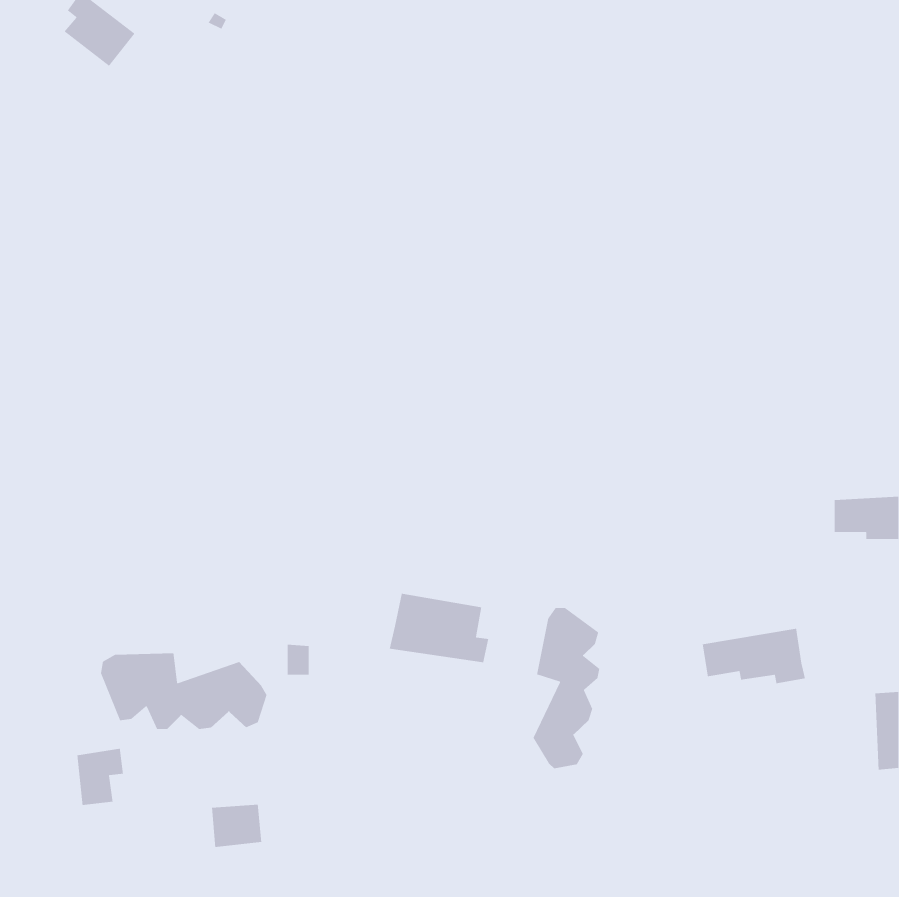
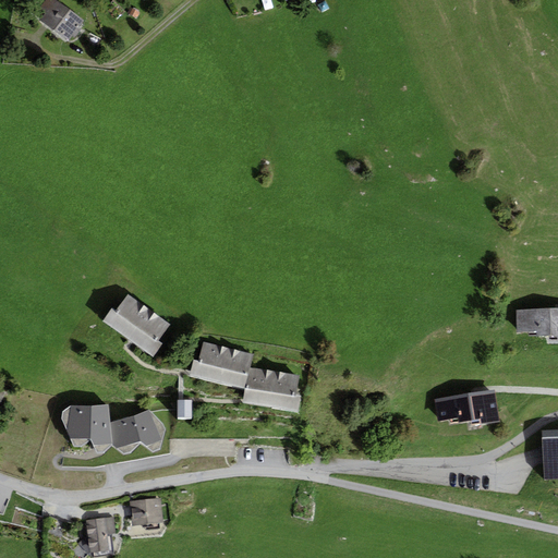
building: none -> [102,293,170,356]
building: none -> [189,341,252,388]
building: [532,607,600,769] -> none
building: [76,748,124,806] -> [86,515,116,551]

